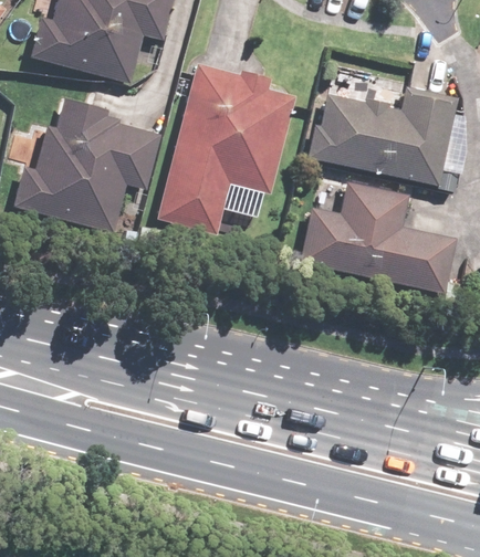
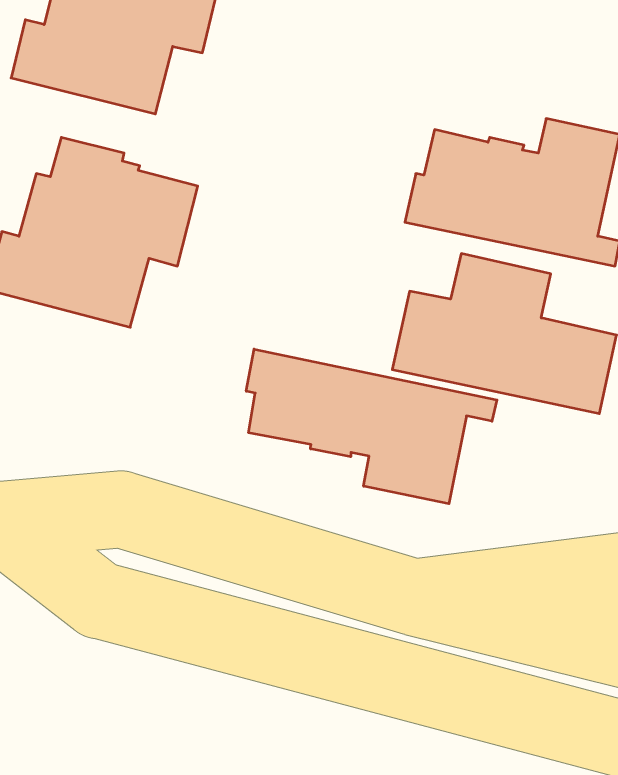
building: [155,63,296,235] -> none
building: none -> [246,349,497,504]

